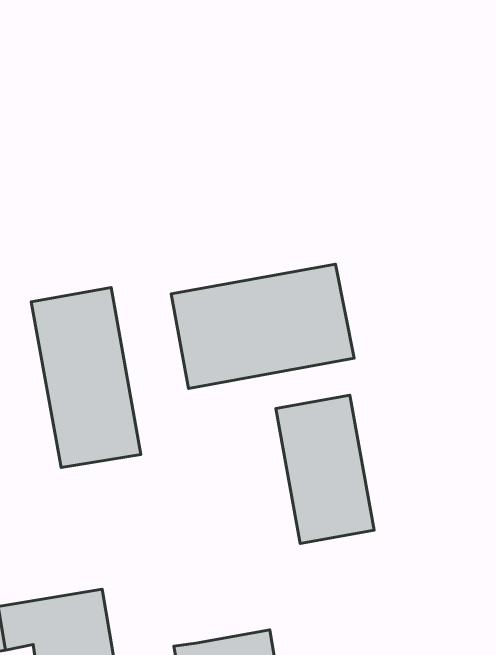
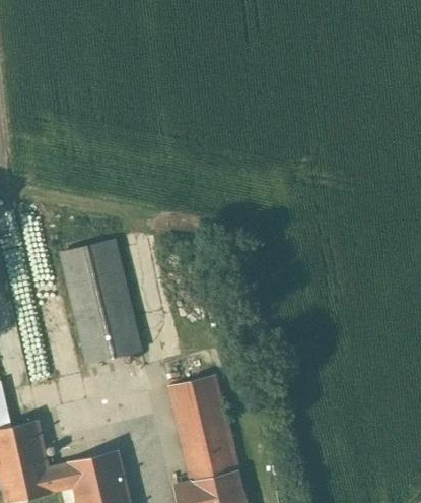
building: [171,264,354,388] -> none
building: [276,395,374,544] -> [166,377,240,484]

